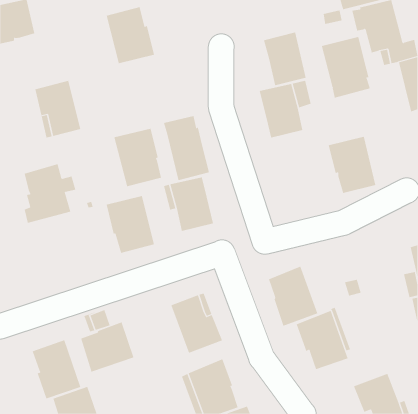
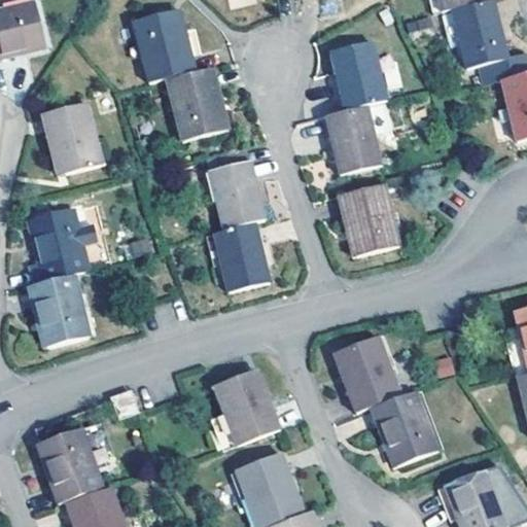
building: [321,36,371,98] -> none
building: [113,128,162,187] -> [166,67,226,141]
building: [328,136,376,193] -> [338,183,398,255]
building: [106,196,155,254] -> [28,273,90,346]
building: [80,321,134,373] -> none

